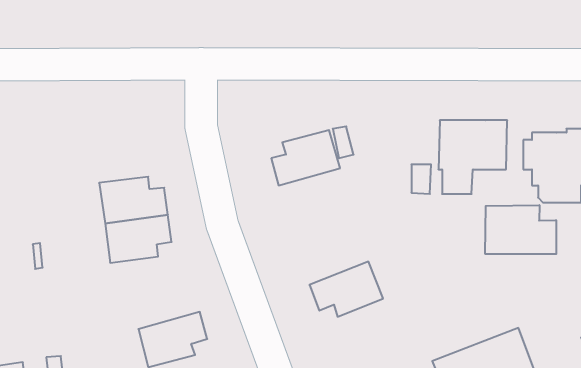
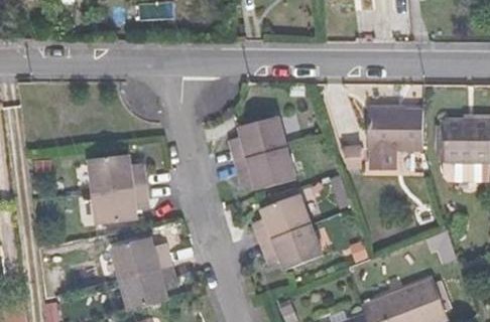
building: none -> [236,148,295,190]
building: [485,205,556,254] -> none
building: none -> [253,194,310,244]
building: none -> [112,237,171,280]

